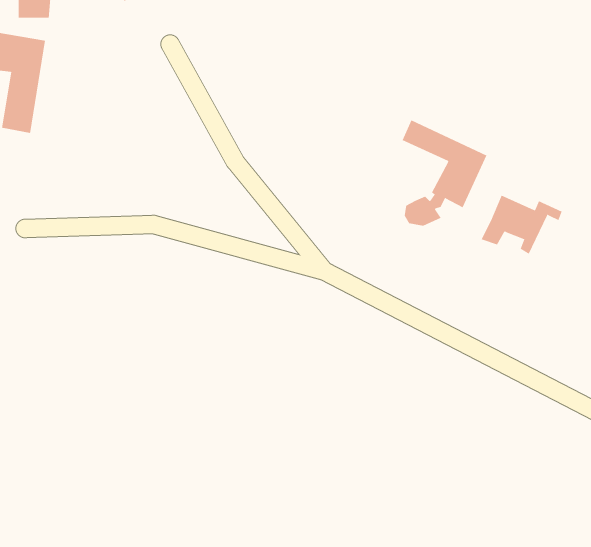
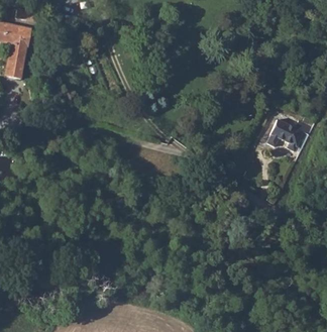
building: [402,119,487,226] -> none

